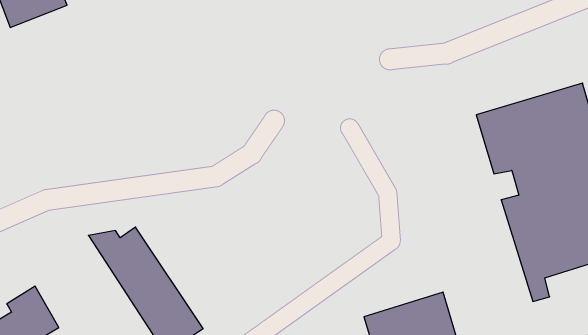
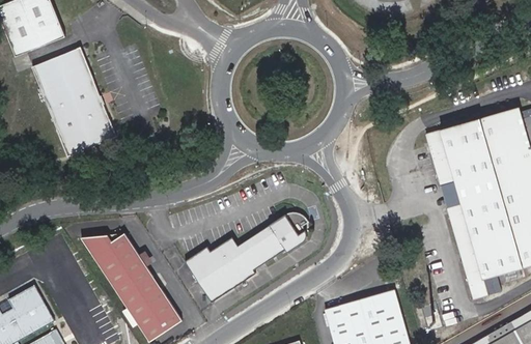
building: none -> [32,48,115,156]
building: none -> [186,207,308,300]

